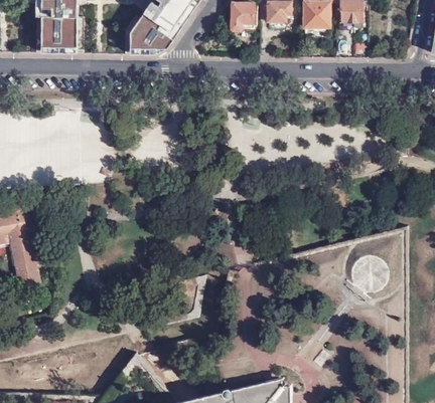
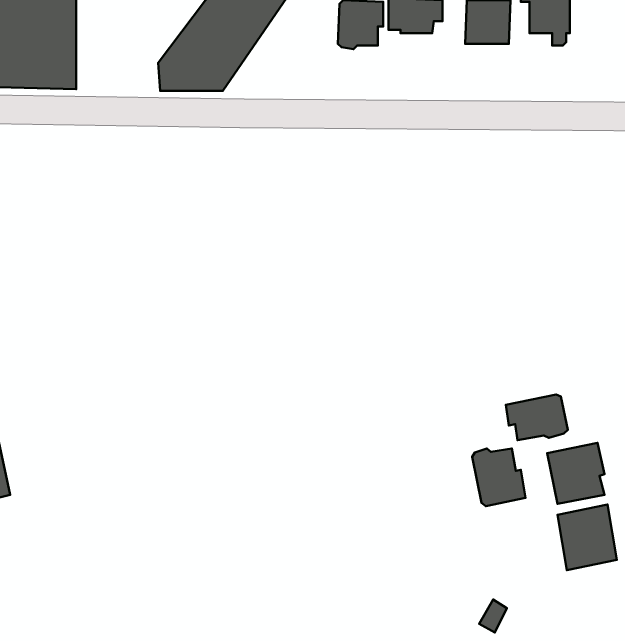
building: none -> [506,394,568,440]
building: none -> [472,448,526,506]
building: none -> [558,504,617,570]

